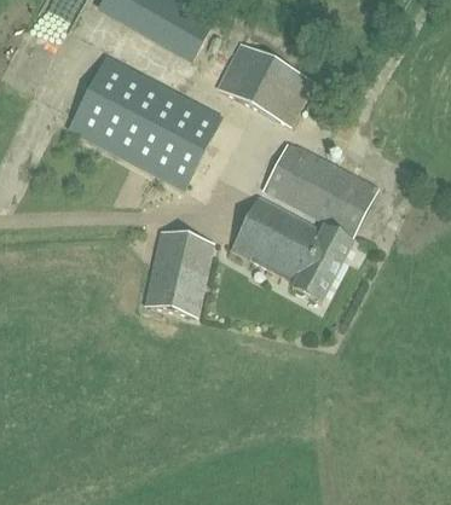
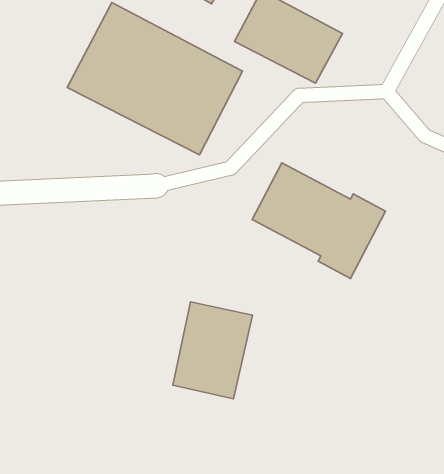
building: [262,144,376,234] -> none
building: [143,228,214,315] -> [173,302,252,399]

